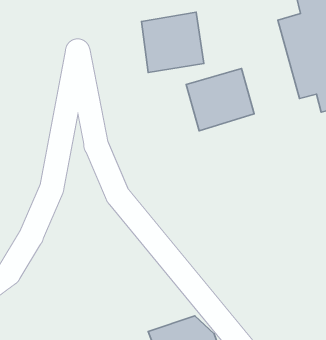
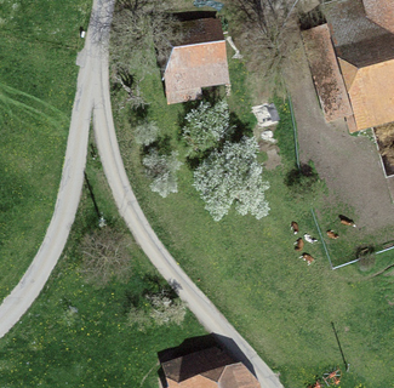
building: [186,69,254,131] -> none

